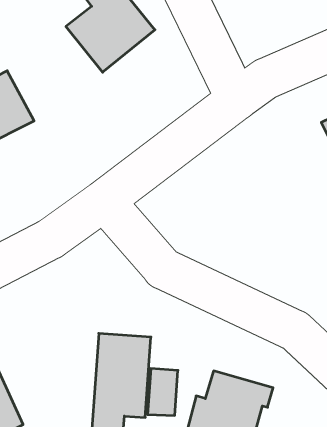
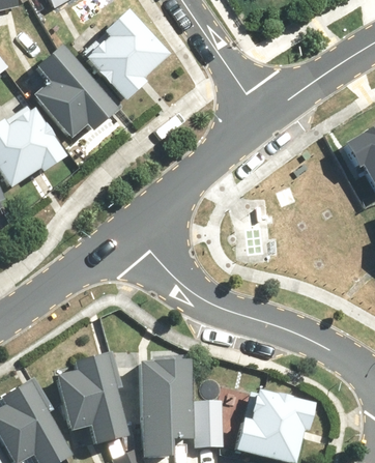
building: none -> [32,46,117,142]
building: none -> [48,355,134,453]

